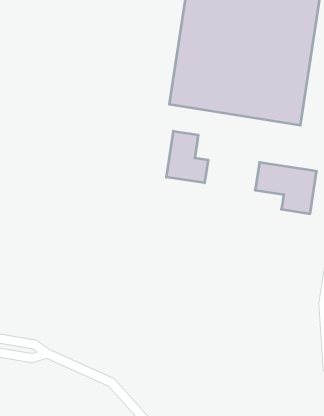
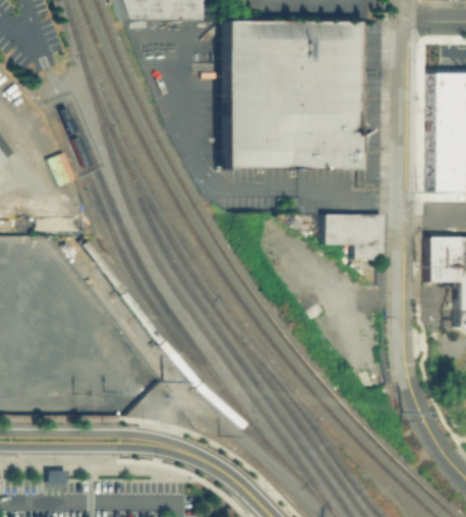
building: [166,131,208,183] -> none

